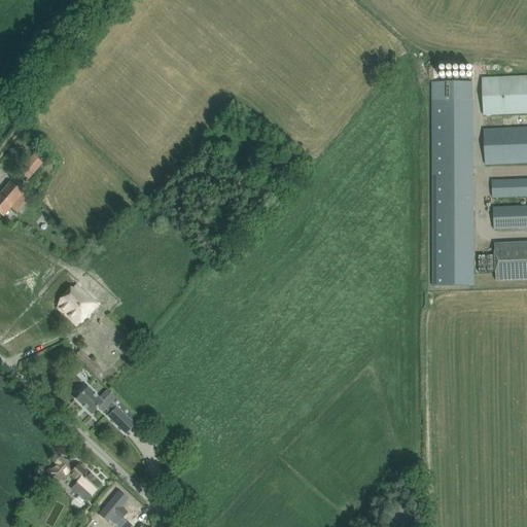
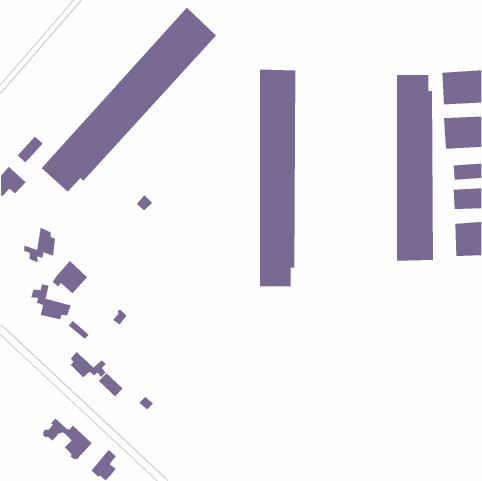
building: none -> [41,7,217,193]
building: none -> [260,69,296,287]
building: none -> [23,227,56,263]
building: none -> [31,283,72,320]

